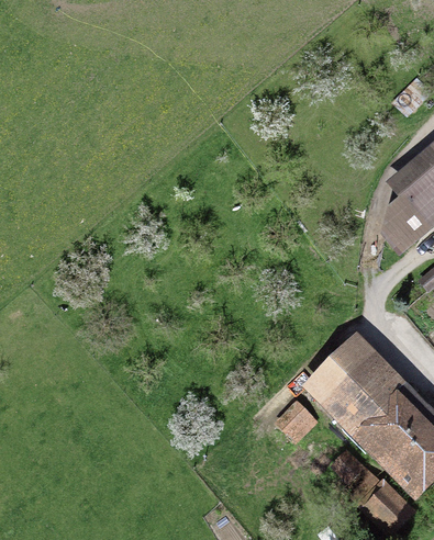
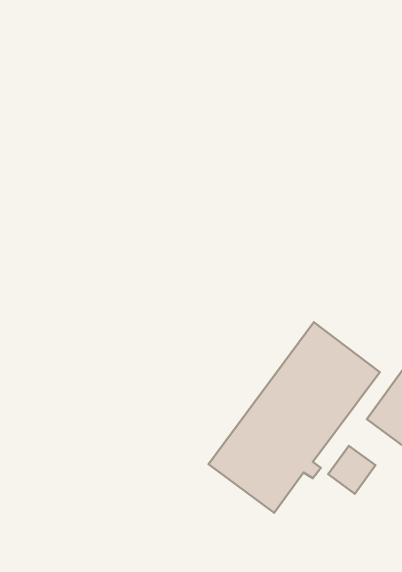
building: none -> [208,322,380,513]

